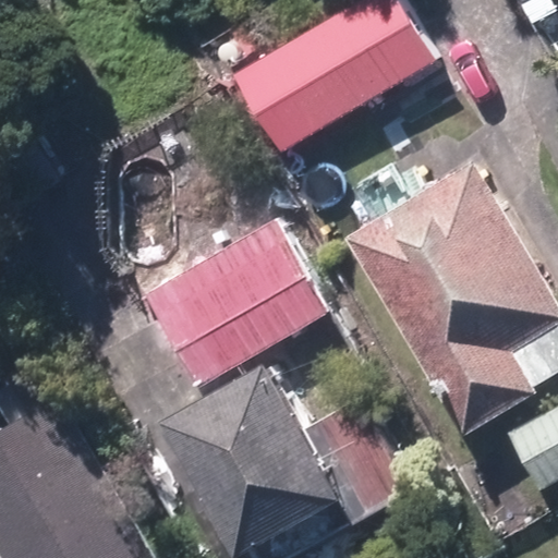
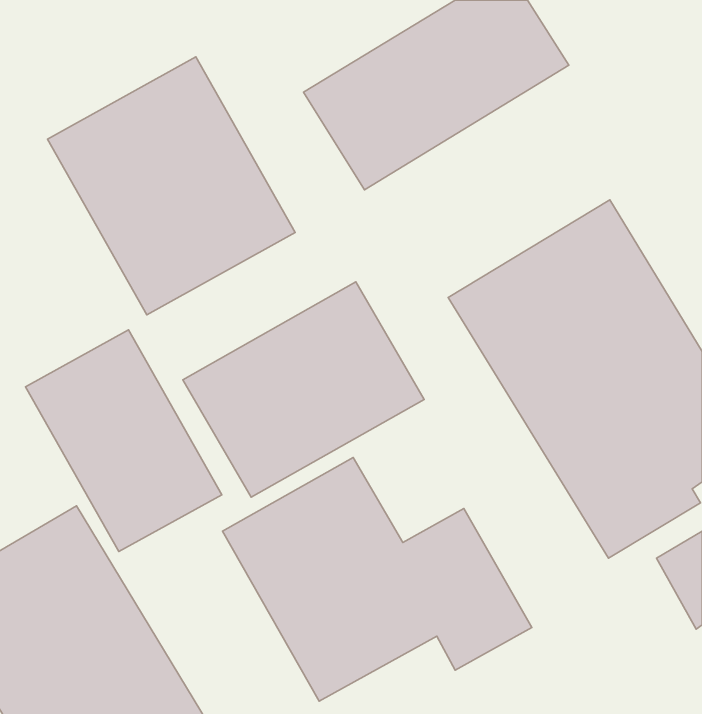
building: none -> [47,57,295,315]
building: none -> [26,330,222,552]

